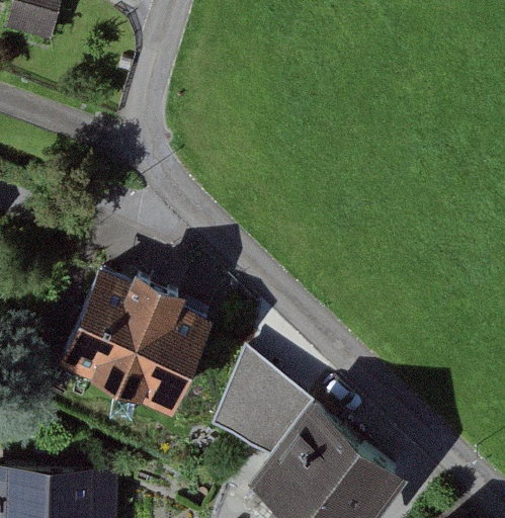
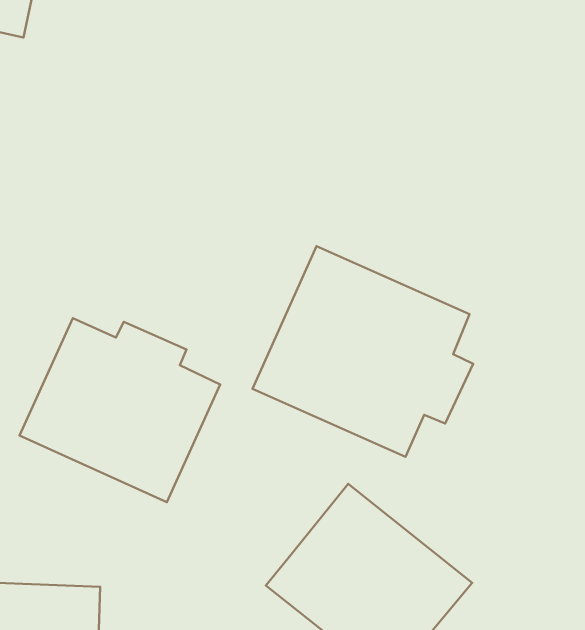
building: none -> [252,246,473,457]
building: [211,350,309,453] -> none

